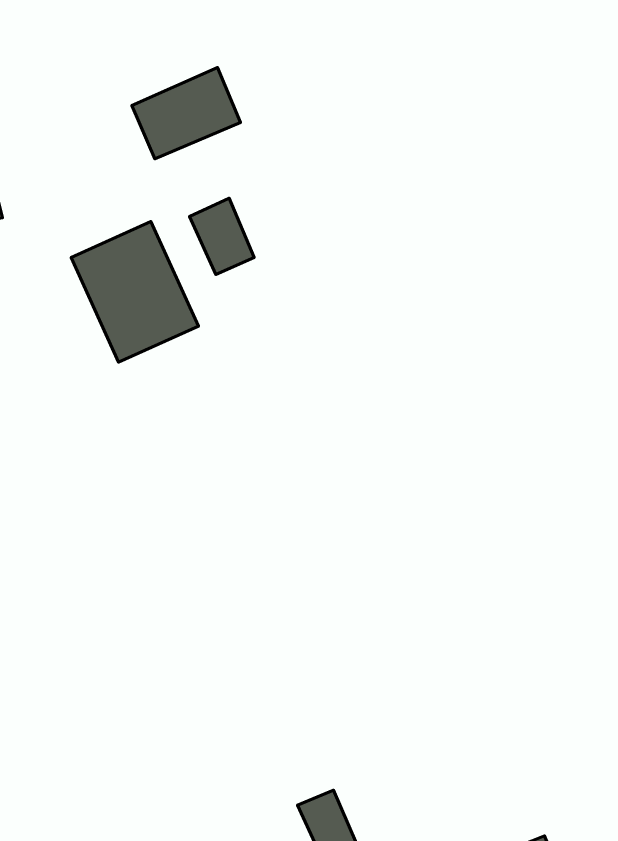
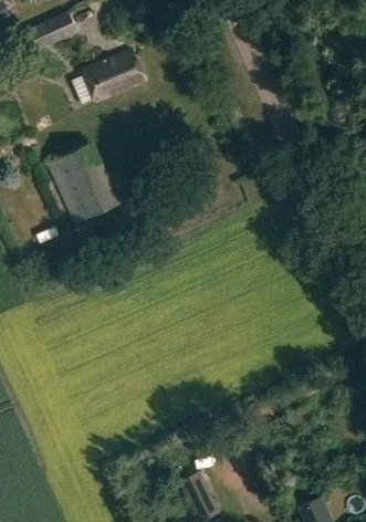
building: none -> [27,15,76,55]
building: [189,198,254,275] -> none

